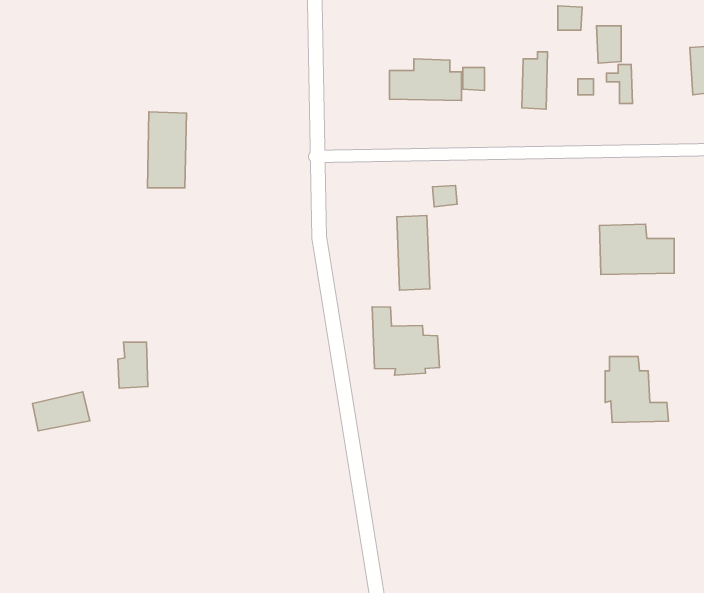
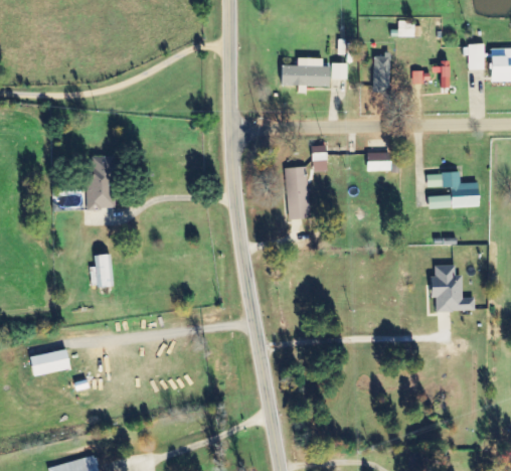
building: [597,26,621,63] -> [467,43,484,69]
building: [148,112,186,188] -> [88,155,115,208]
building: none -> [367,152,391,170]
building: [372,307,439,375] -> none
building: [32,392,90,431] -> [31,348,71,375]

